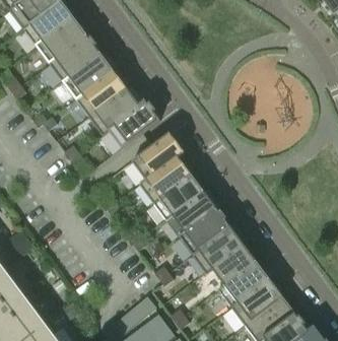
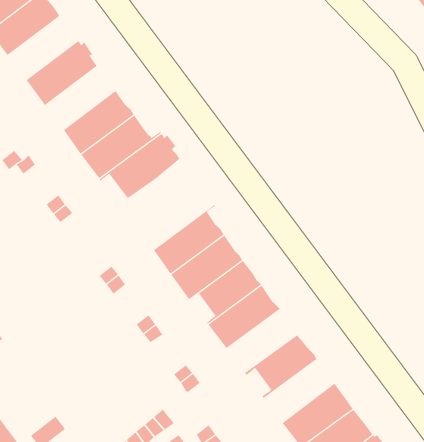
building: [33,14,84,60] -> none
building: [60,50,111,95] -> none
building: [129,129,181,181] -> none
building: [189,222,240,268] -> none
building: [215,258,266,303] -> none

